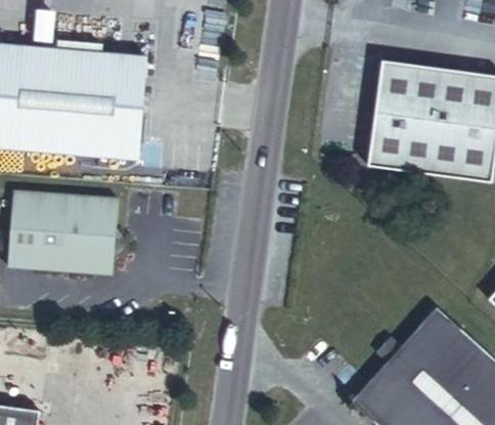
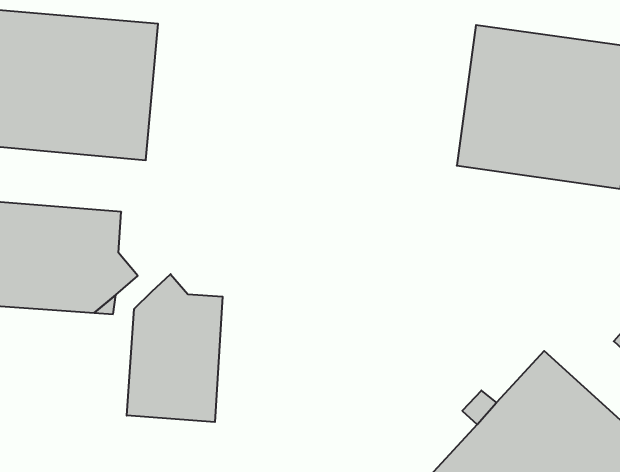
building: none -> [127,274,223,422]

